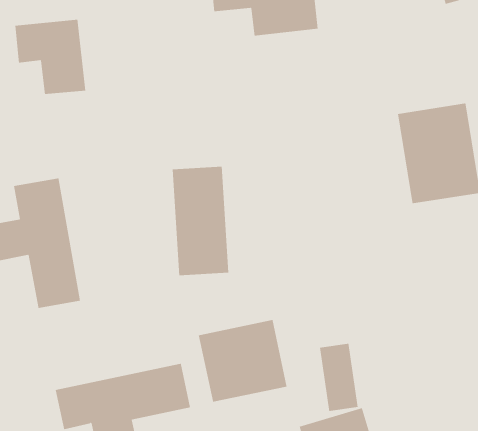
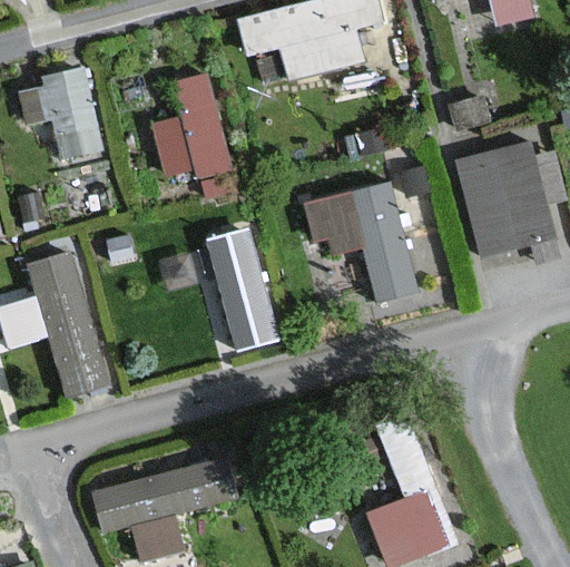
building: none -> [149,71,234,183]
building: none -> [306,179,420,304]
building: [198,319,287,403] -> none

